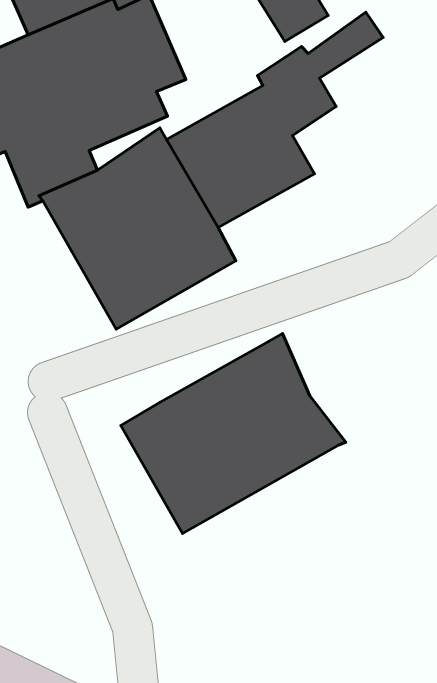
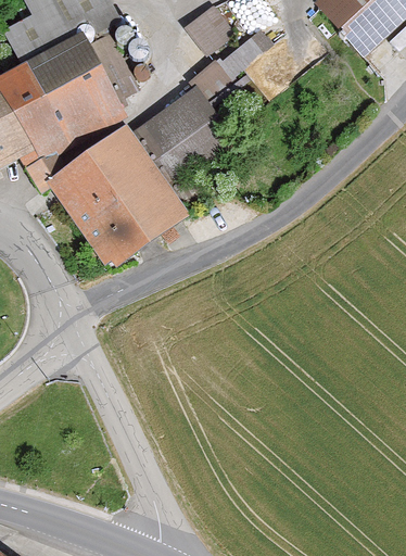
building: [121,333,346,534] -> none

